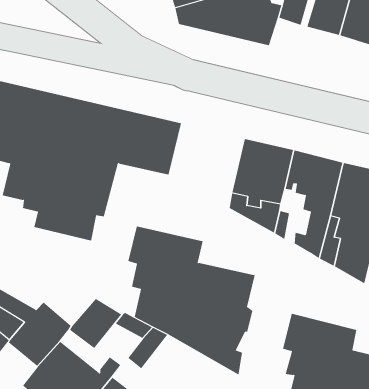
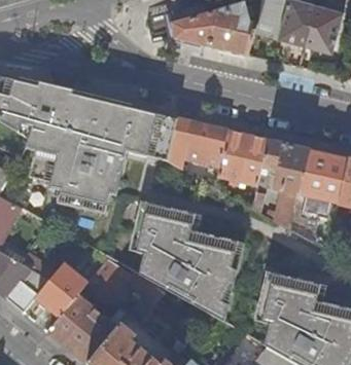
building: none -> [167,117,227,168]

